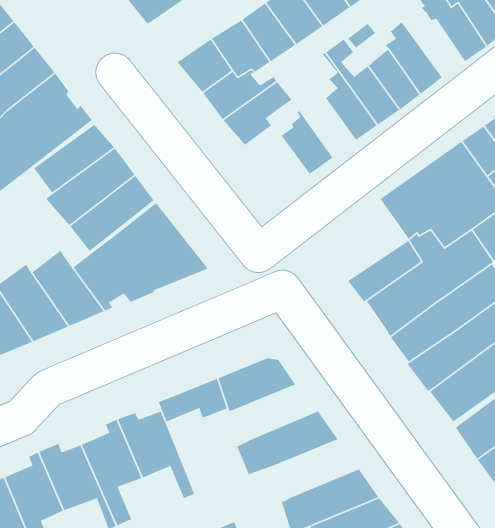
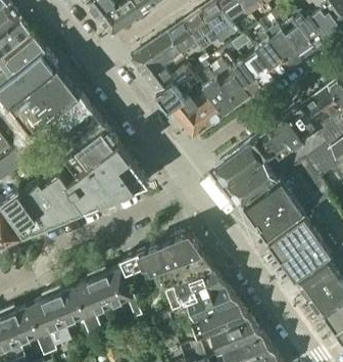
building: none -> [264,28,302,70]
building: none -> [197,62,237,118]
building: none -> [170,88,209,140]
building: none -> [217,142,268,191]
building: none -> [145,254,214,293]
building: none -> [173,286,239,323]

